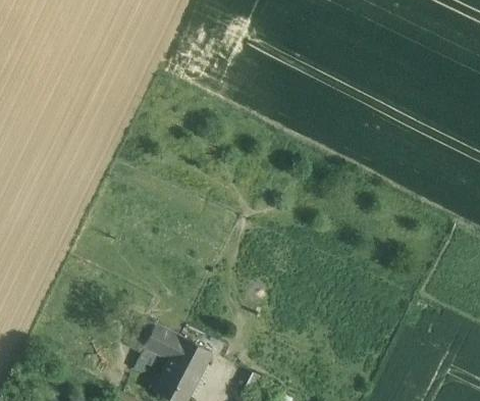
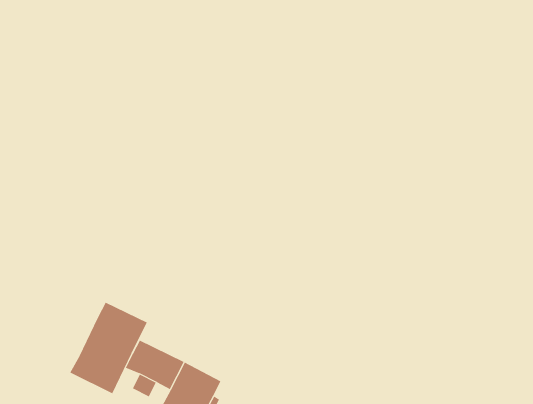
building: none -> [70,302,147,394]

